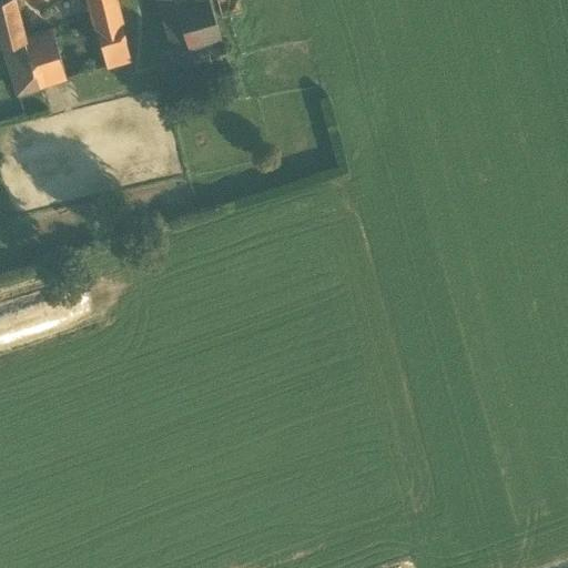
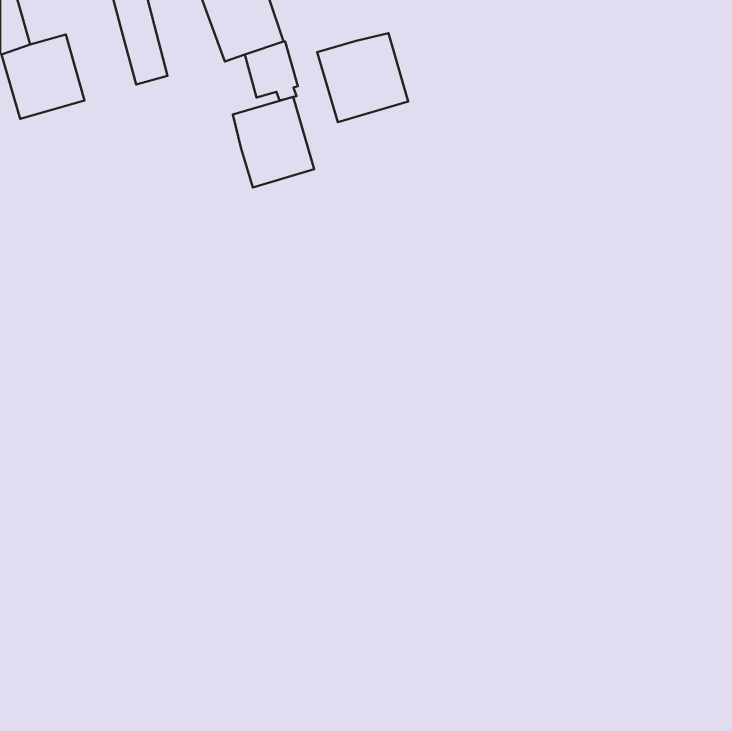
building: none -> [317,33,408,122]
building: none -> [233,97,314,188]

